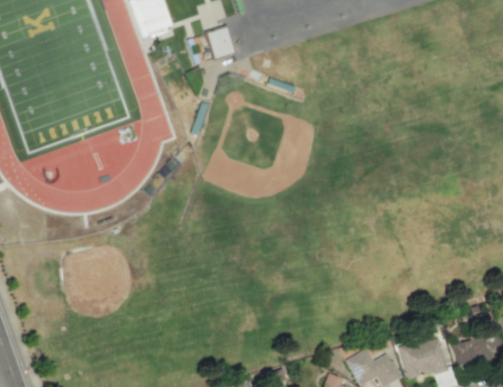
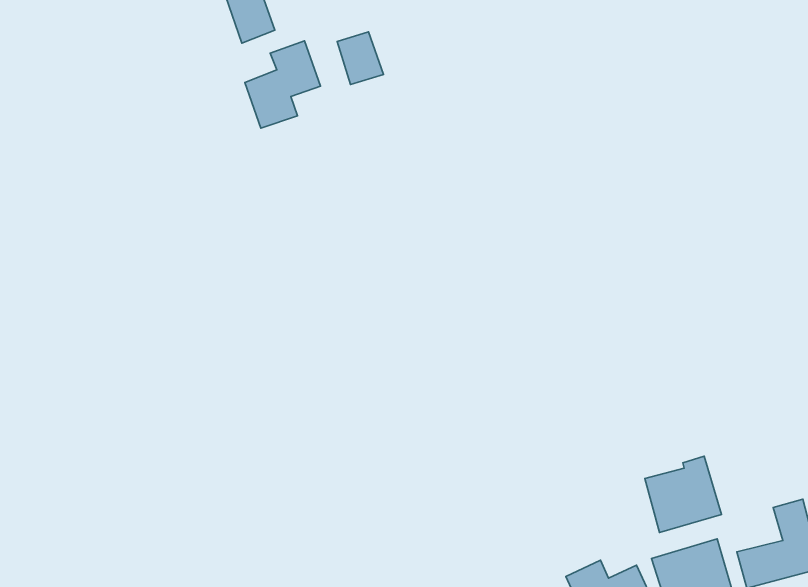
building: none -> [245,41,321,128]
building: none -> [645,456,721,532]

